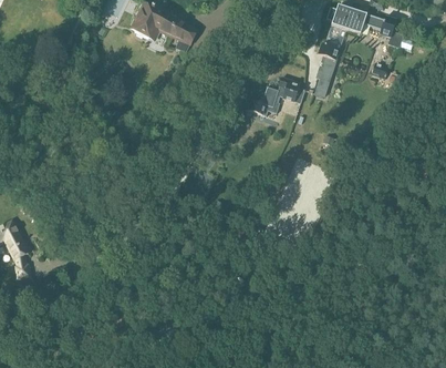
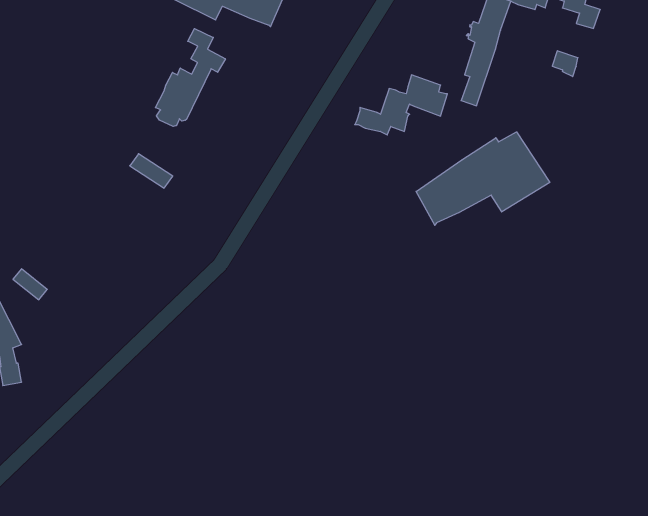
building: none -> [155,29,225,126]
building: none -> [416,132,550,225]

